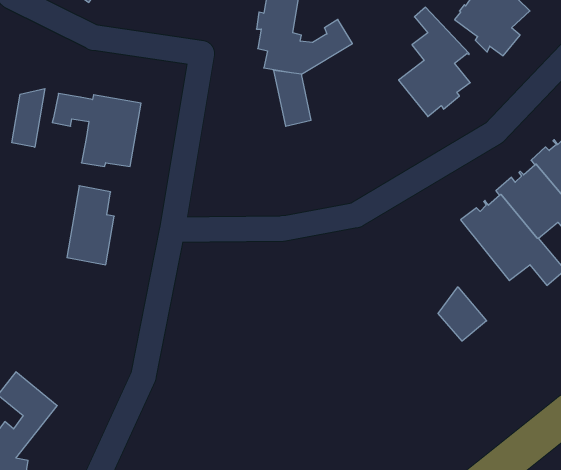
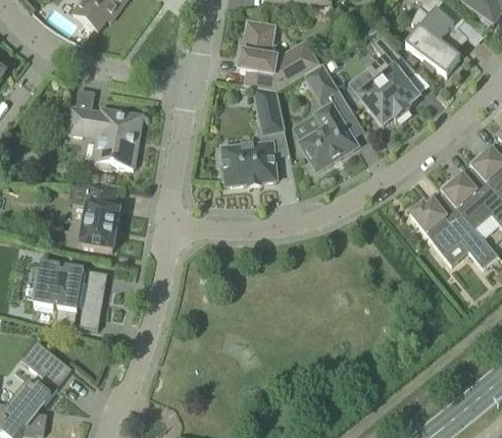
building: none -> [299,62,357,169]
building: [12,89,45,147] -> none
building: none -> [220,142,277,184]
building: none -> [34,261,104,324]
building: [438,287,487,341] -> none

